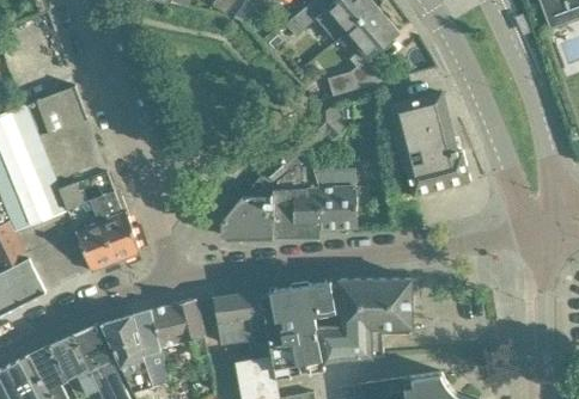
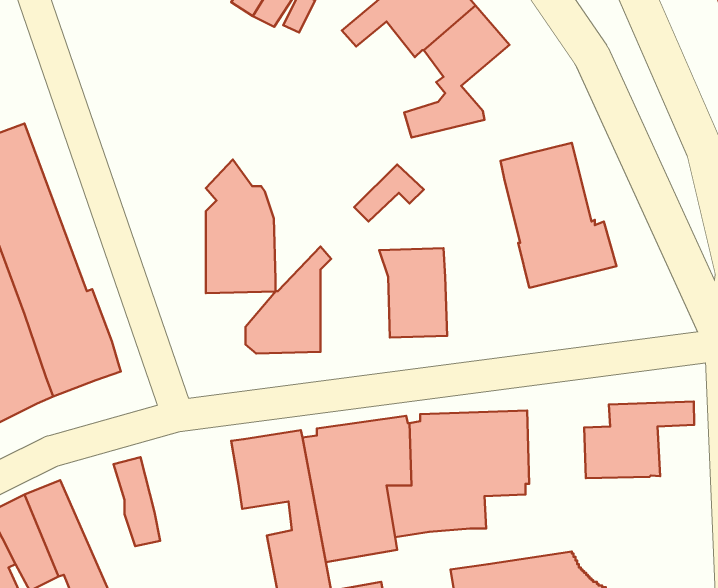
building: [272,148,318,238] -> [206,160,275,293]
building: none -> [584,402,694,478]
building: [151,296,207,356] -> none
building: [100,313,152,389] -> none

